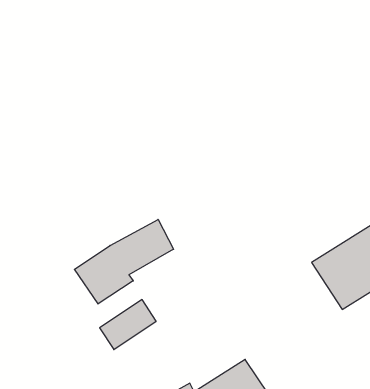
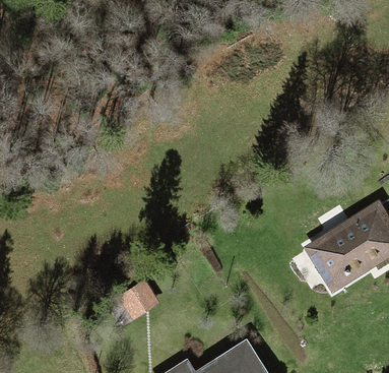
building: [74,219,174,304] -> none

